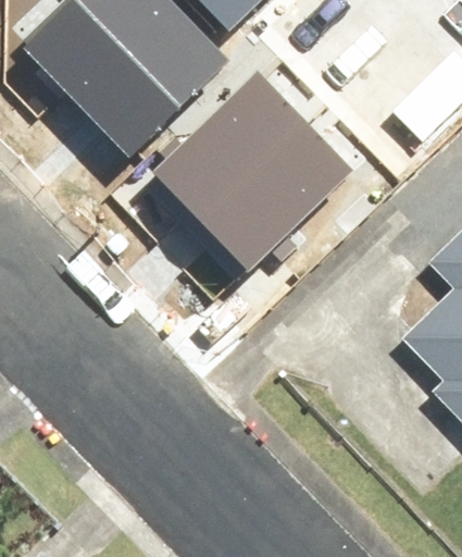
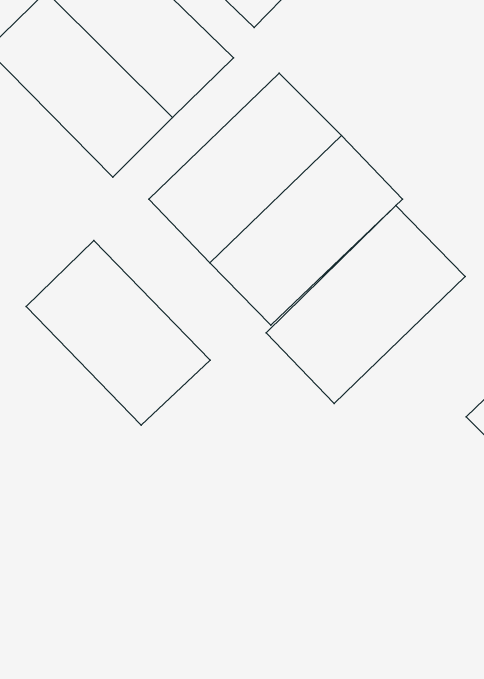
building: none -> [266,206,465,403]
building: none -> [26,240,210,425]

